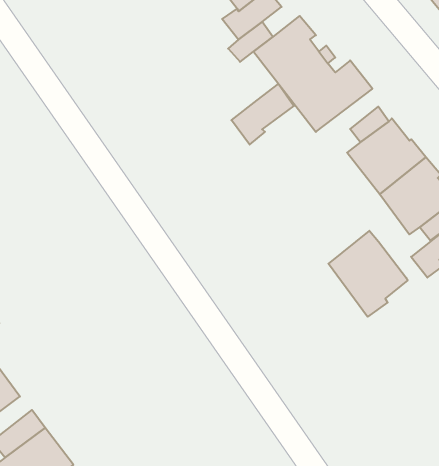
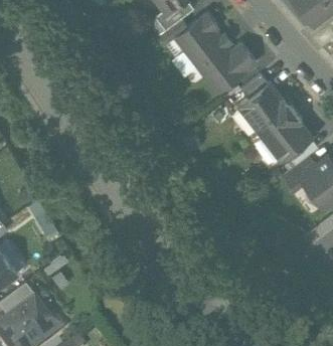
building: [231,84,294,145] -> none
building: [328,231,408,317] -> none

